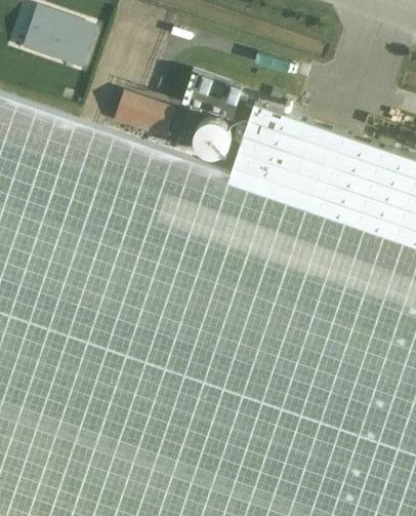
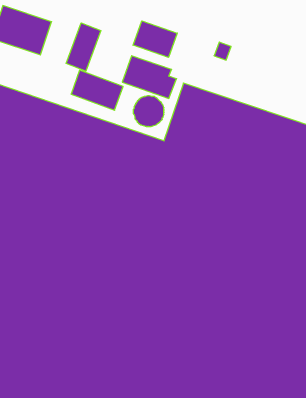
building: none -> [133,21,177,57]
building: none -> [66,23,101,71]

